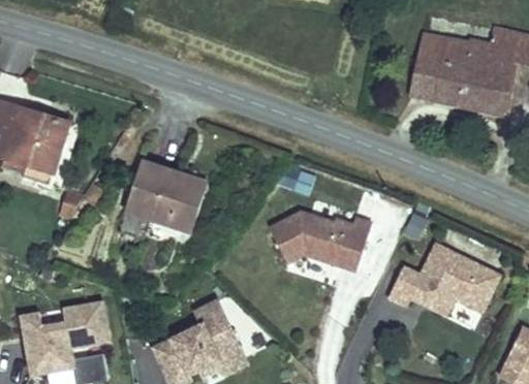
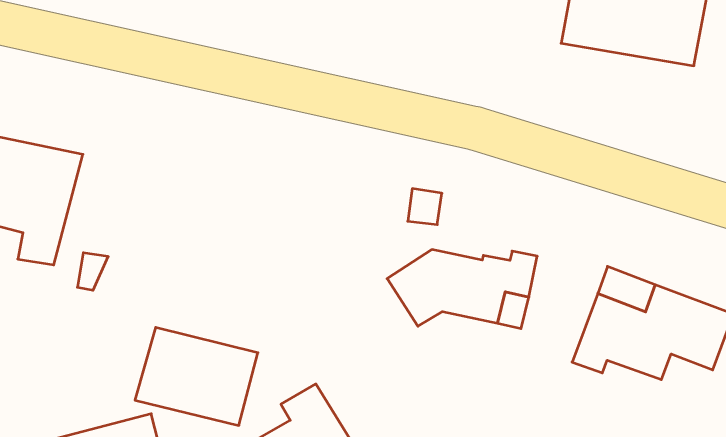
building: [126,166,212,237] -> [135,327,258,425]

